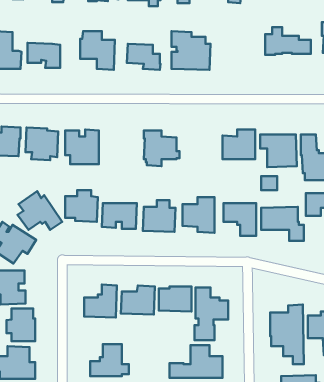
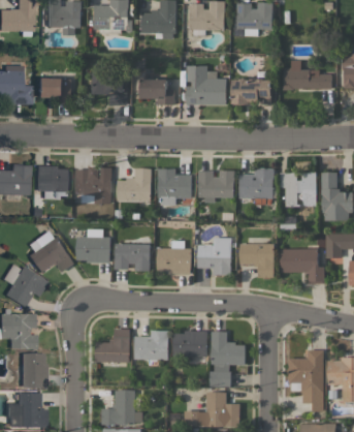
building: none -> [233,79,273,104]
building: none -> [118,168,153,202]
building: none -> [200,171,235,203]

